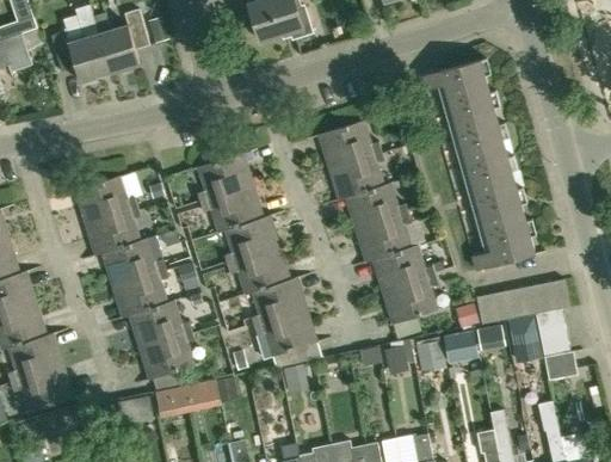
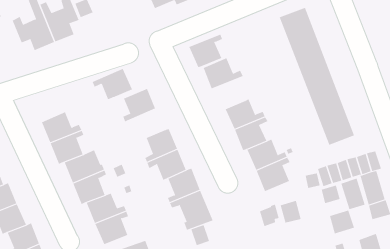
building: [332,152,383,198] -> [189,34,223,68]
building: [200,186,259,230] -> [92,68,133,100]
building: [443,331,479,364] -> [329,210,355,234]

